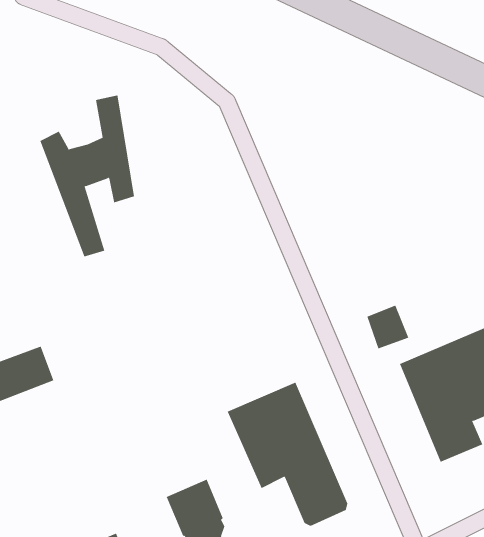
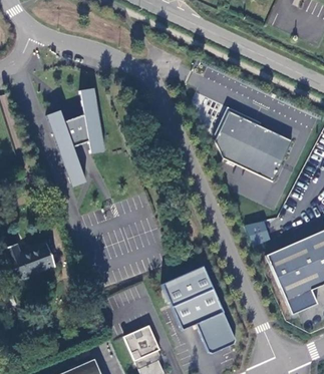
building: none -> [215,108,292,179]

